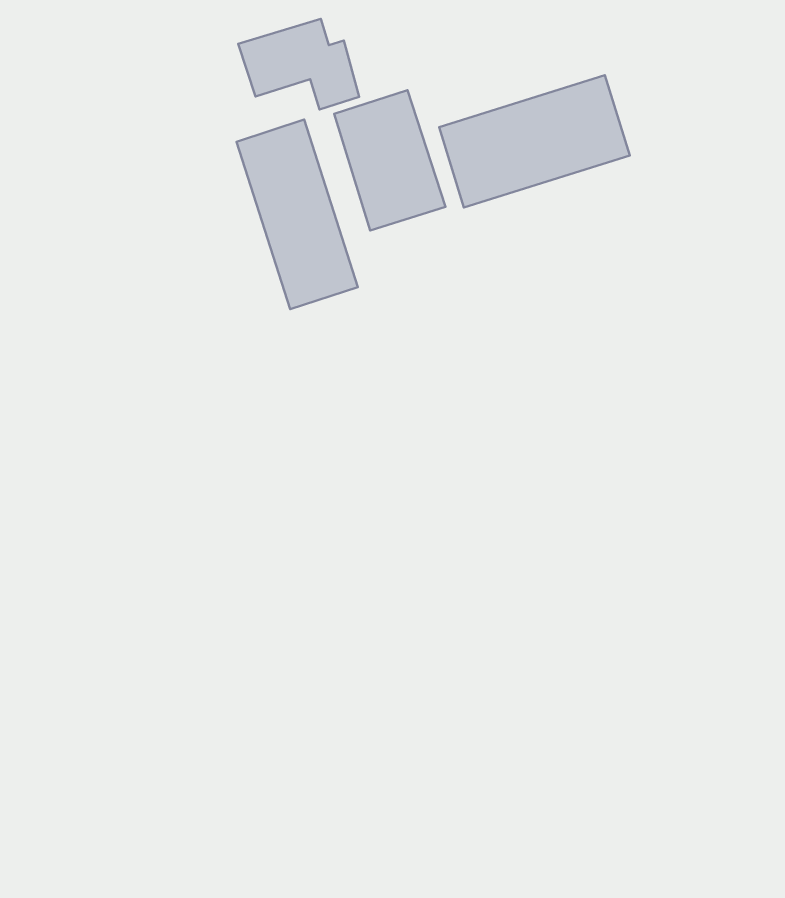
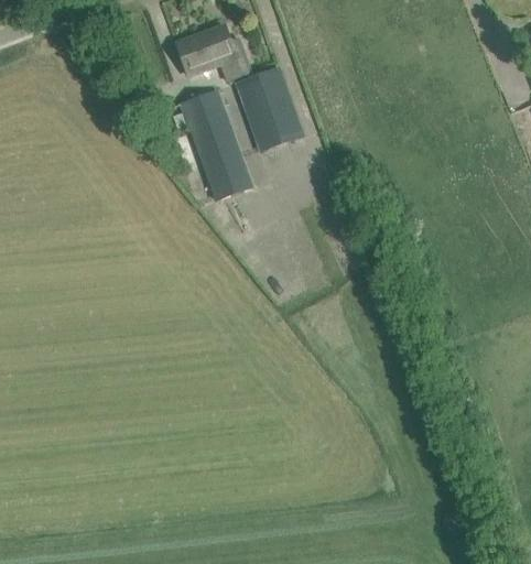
building: [439,75,630,208] -> none

